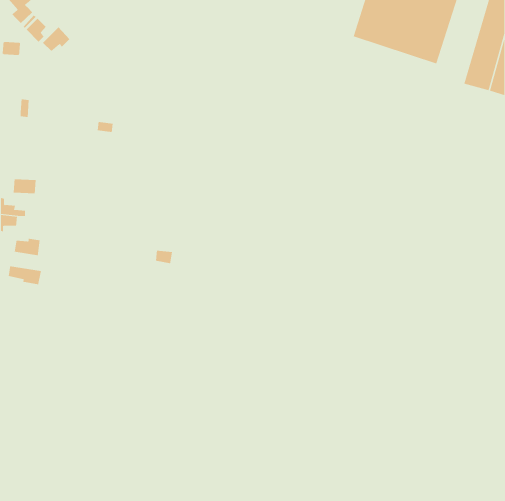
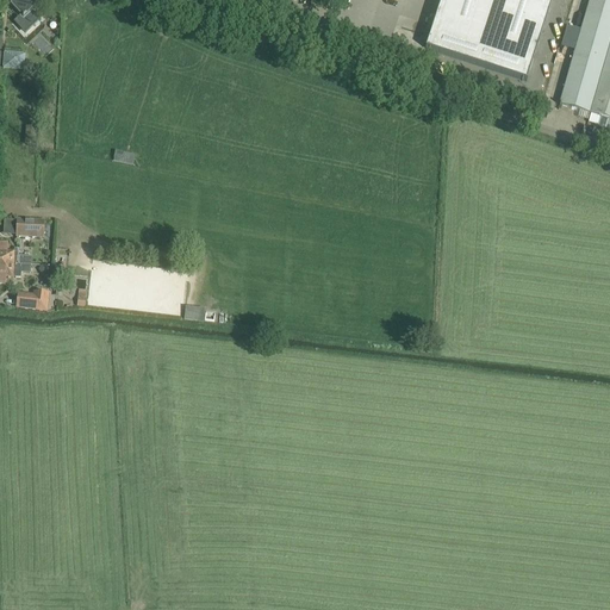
building: [42,27,70,52] -> none
building: [8,265,42,285] -> none

